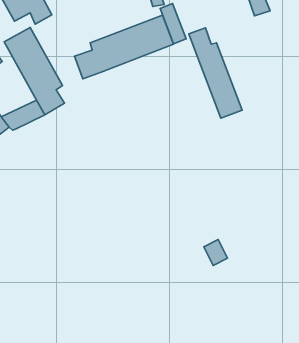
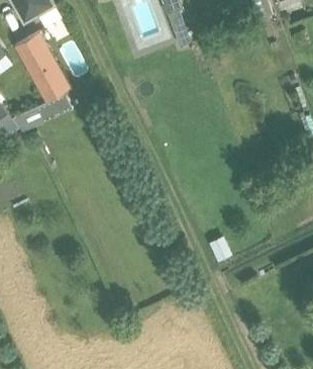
building: [75,15,173,79] -> none
building: [189,28,242,118] -> none

